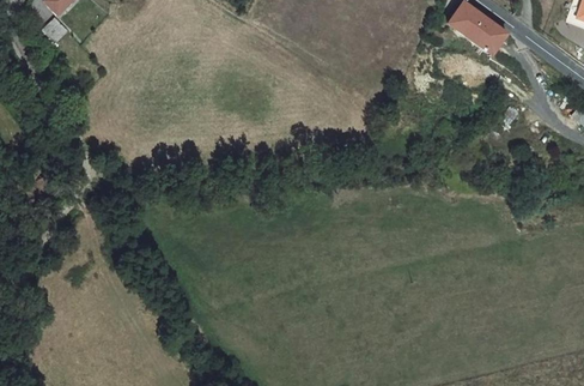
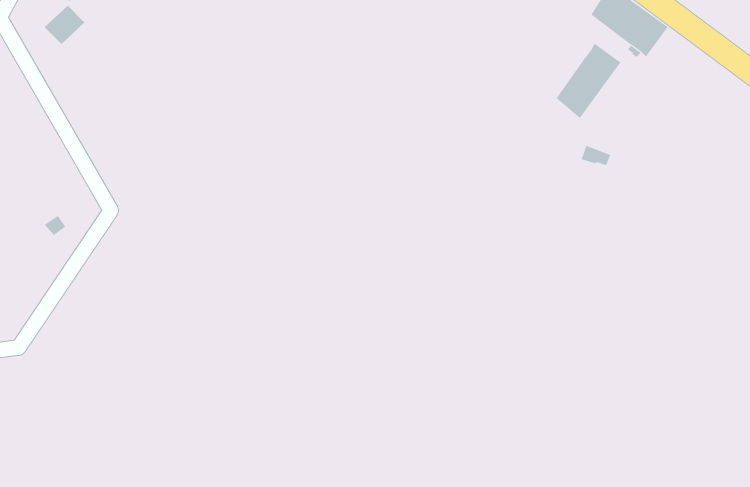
building: none -> [556,43,621,119]

